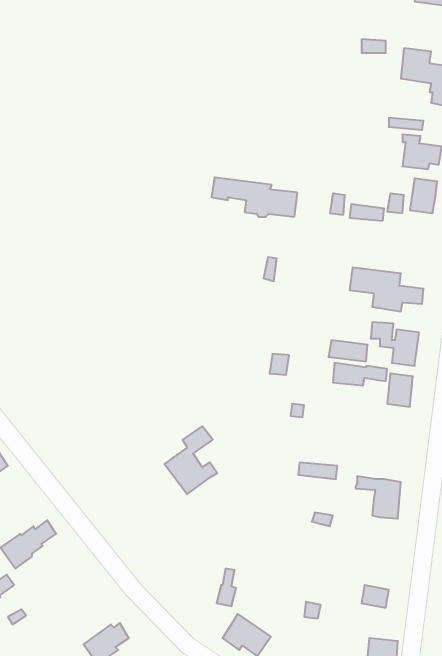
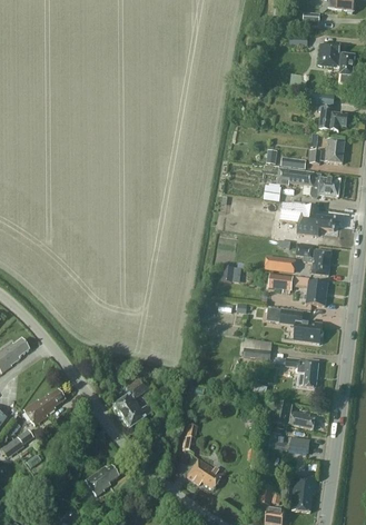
building: [211,177,297,217] -> [277,168,340,197]
building: none -> [266,307,323,341]
building: [164,426,217,494] -> [112,377,151,427]
building: none -> [273,402,315,428]

